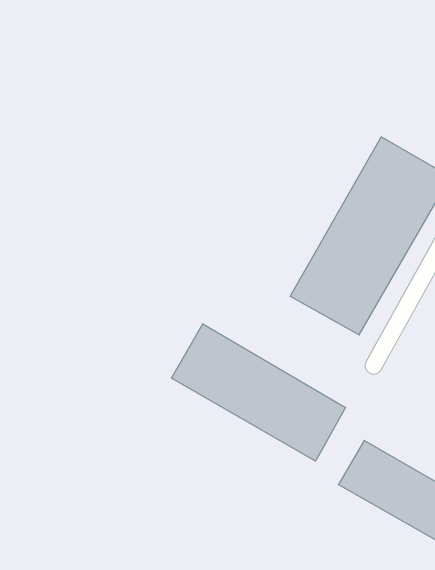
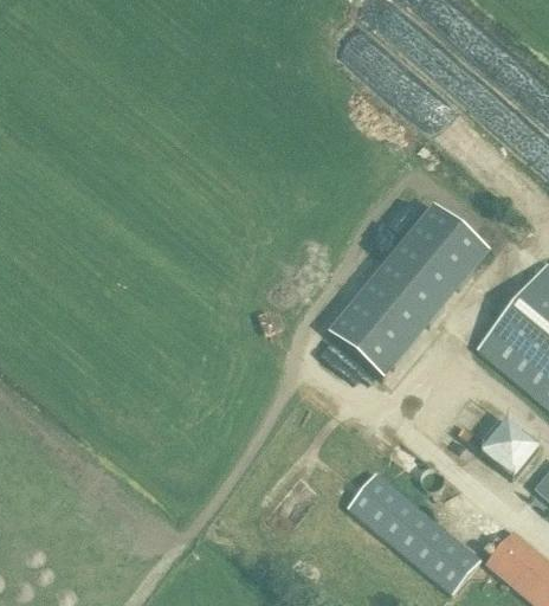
building: [171,324,345,461] -> none

